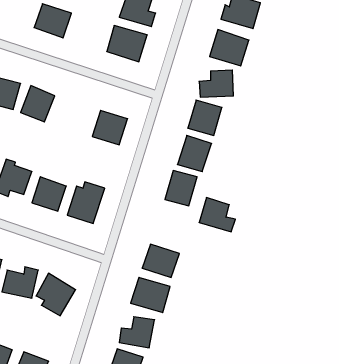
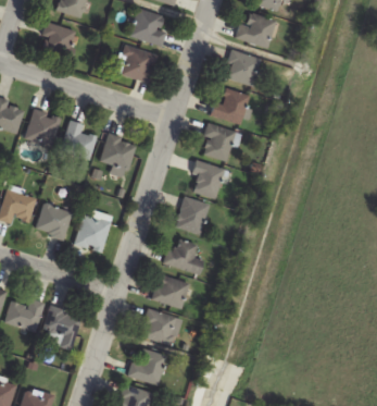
building: none -> [61,121,95,159]
building: [199,198,235,232] -> [165,237,203,273]

